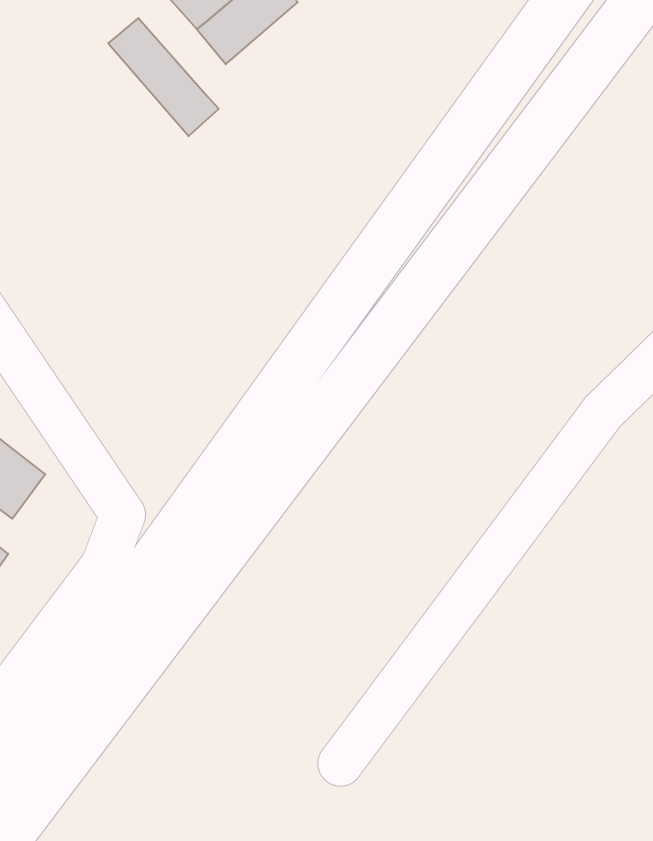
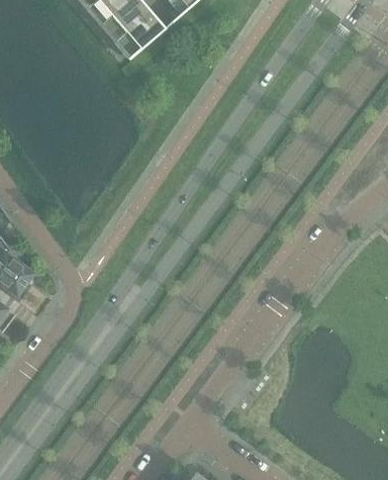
building: [108,18,219,136] -> none

